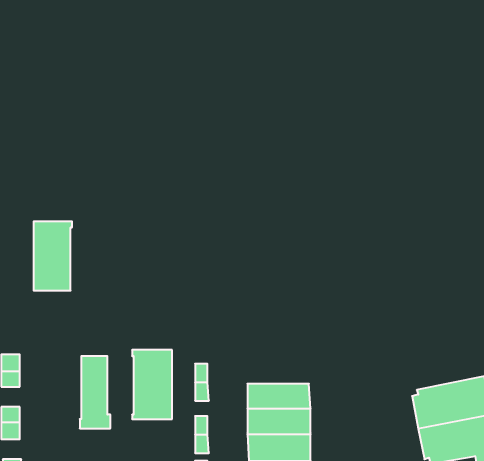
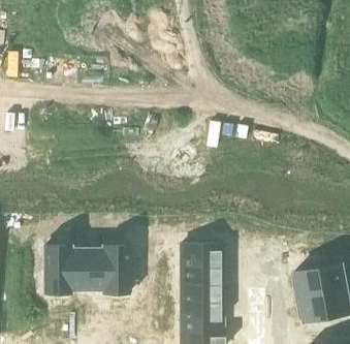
building: [34,221,72,291] -> [45,244,71,290]
building: none -> [182,242,223,267]
building: none -> [88,248,105,287]

